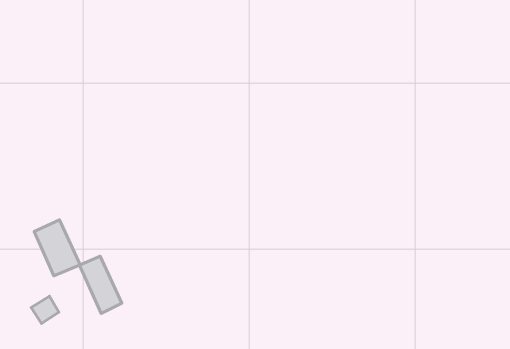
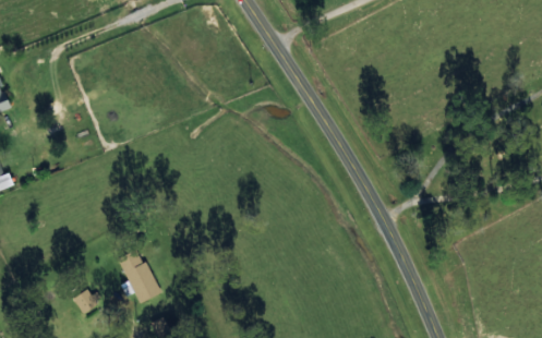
building: [34,220,80,276] -> none

